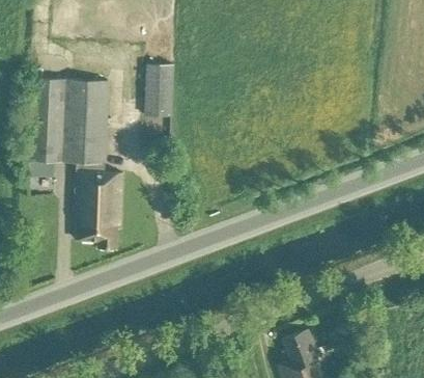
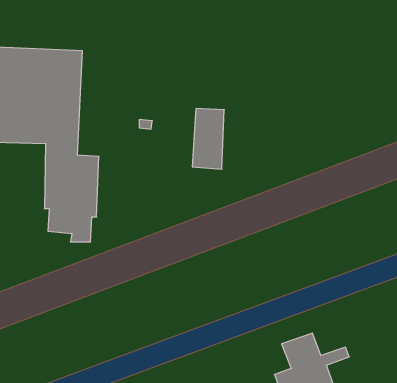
building: [145,64,173,117] -> [192,109,224,169]

